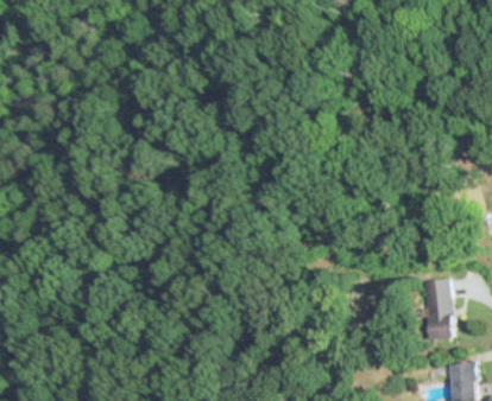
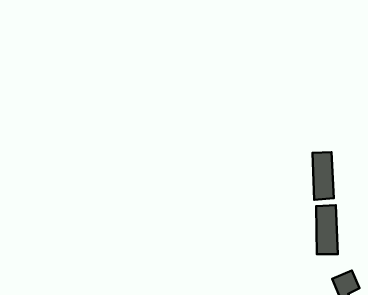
building: none -> [313,152,334,200]

